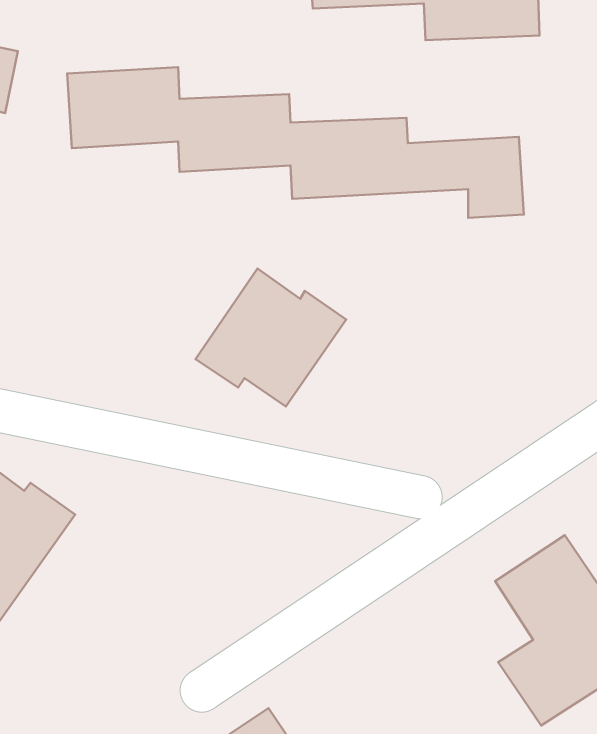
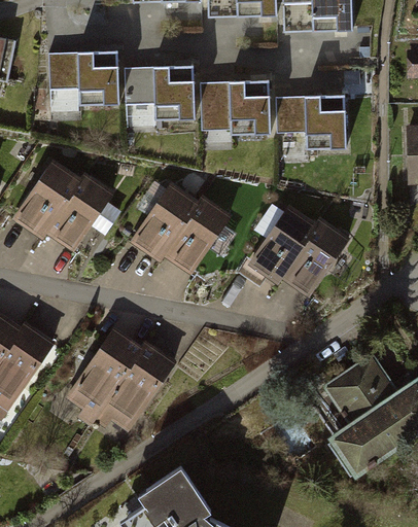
building: none -> [11,159,114,251]
building: none -> [248,204,348,295]
building: none -> [66,328,173,429]

